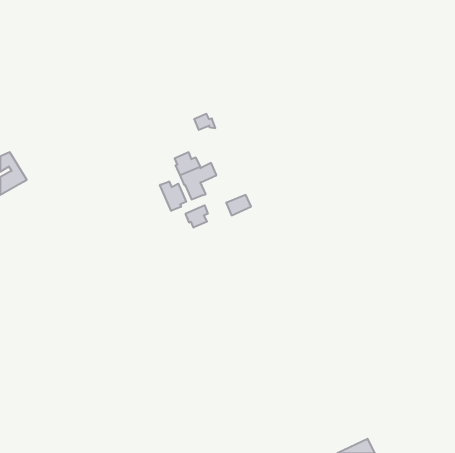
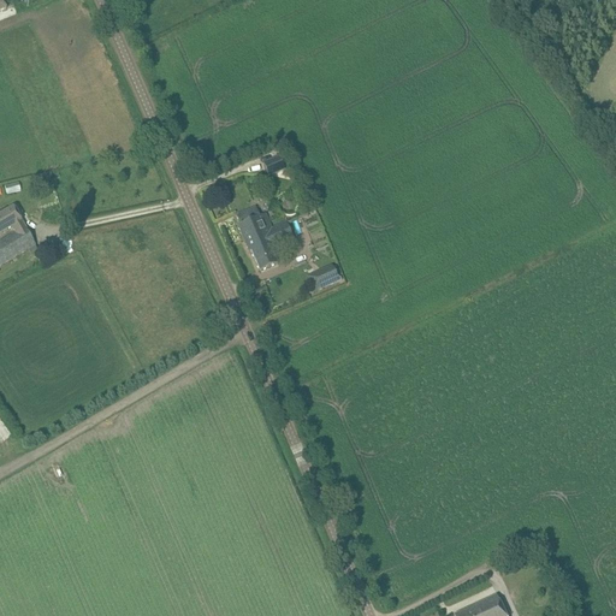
building: [160,181,186,211] -> none
building: [186,205,208,228] -> none

